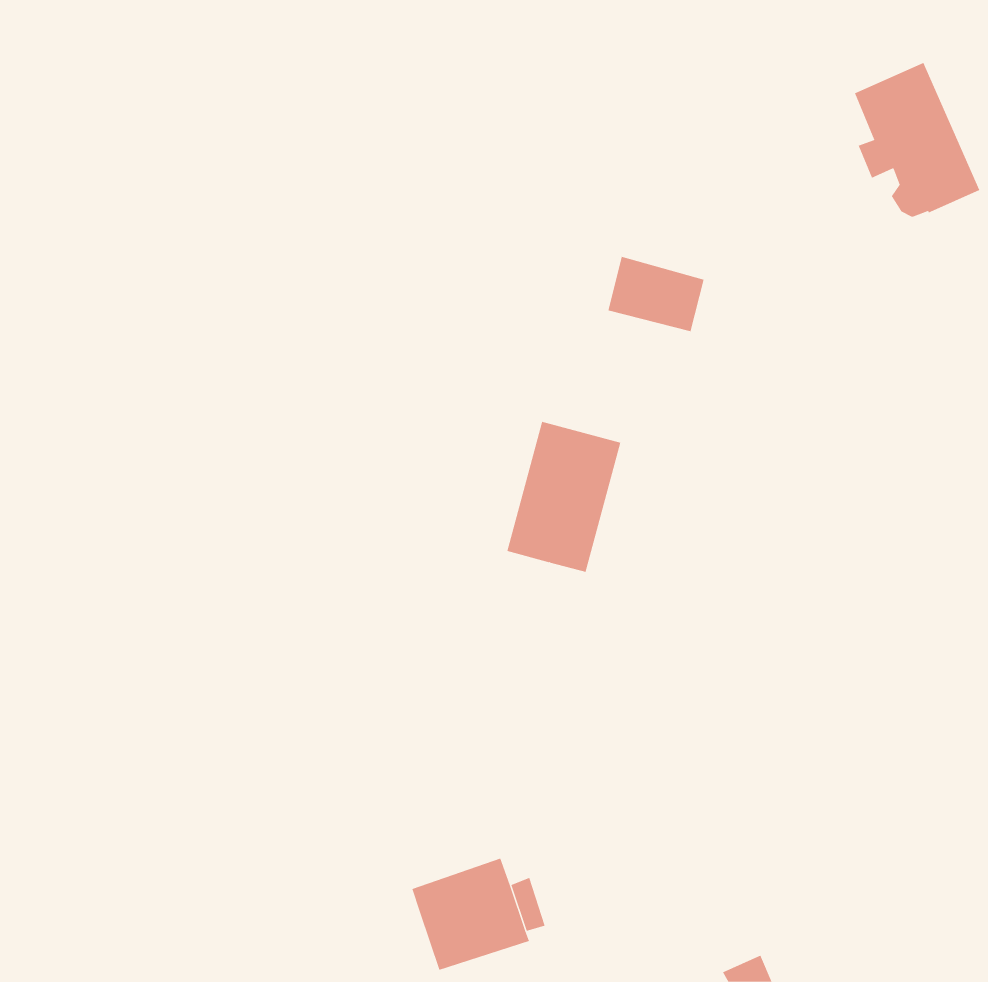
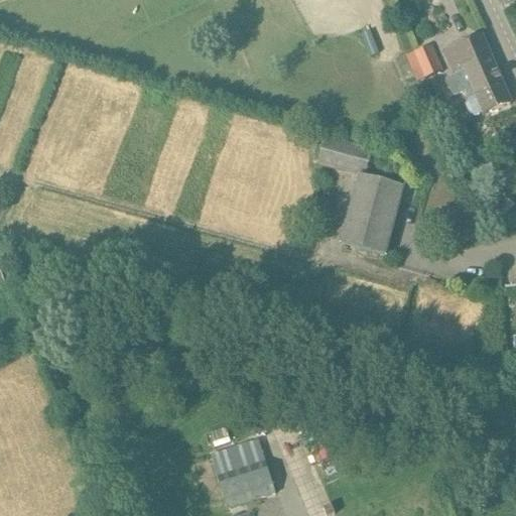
building: none -> [404,41,440,79]
building: [507,421,621,572] -> [342,172,401,251]

